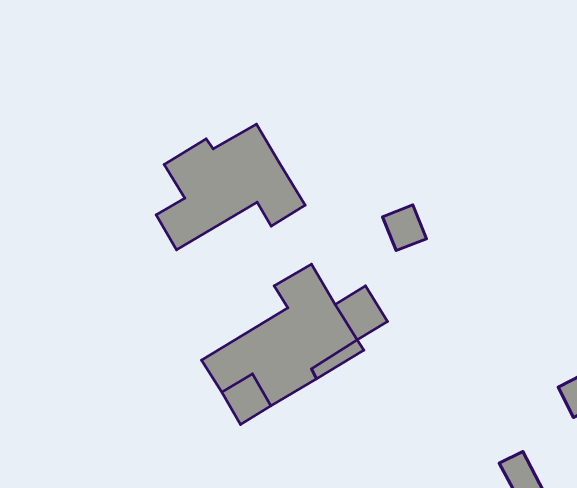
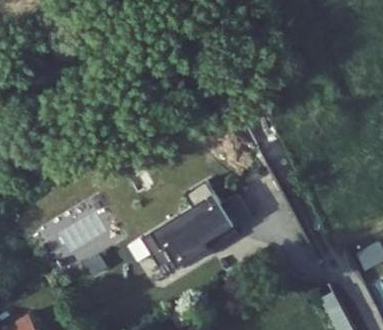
building: [156,124,305,250] -> none

